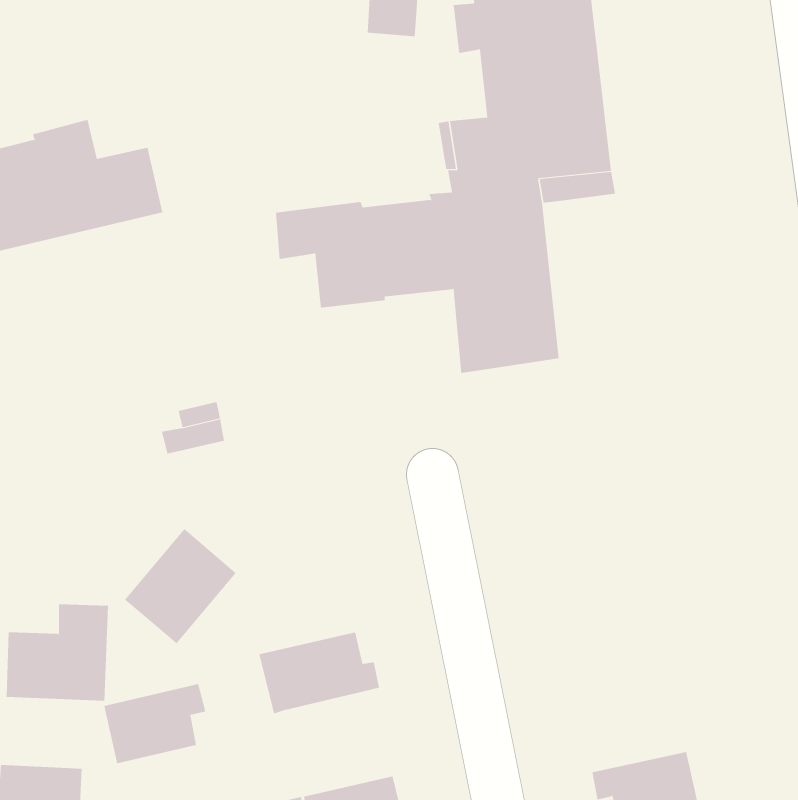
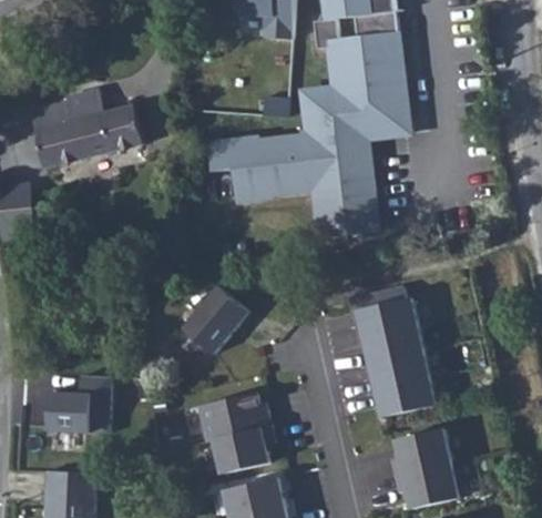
building: none -> [356,287,436,418]
building: [124,528,237,644] -> [182,285,248,354]
building: [103,683,206,764] -> [213,426,274,474]
building: none -> [391,429,451,476]

